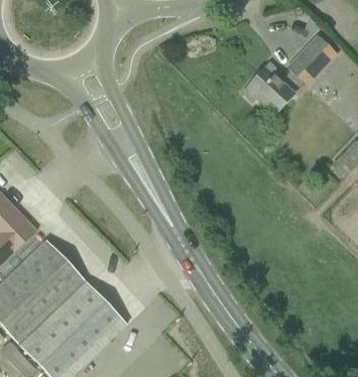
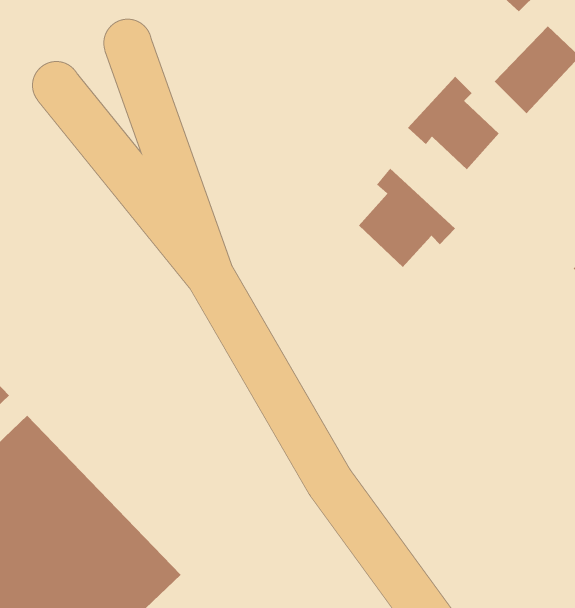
building: none -> [358,168,456,268]

